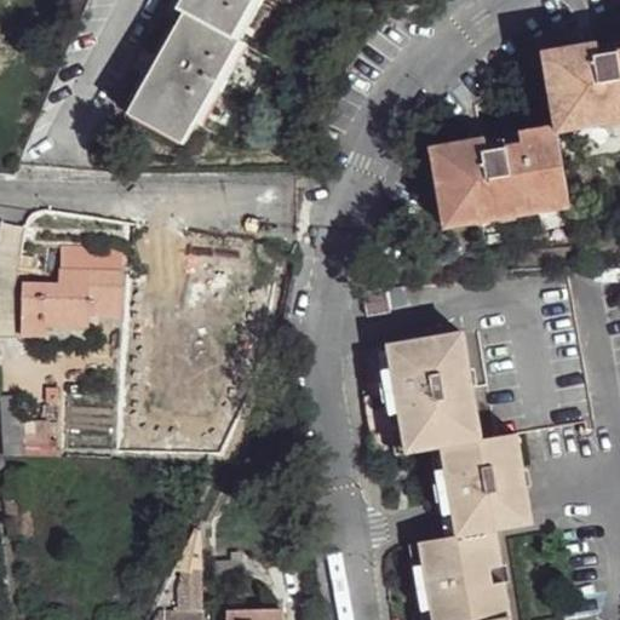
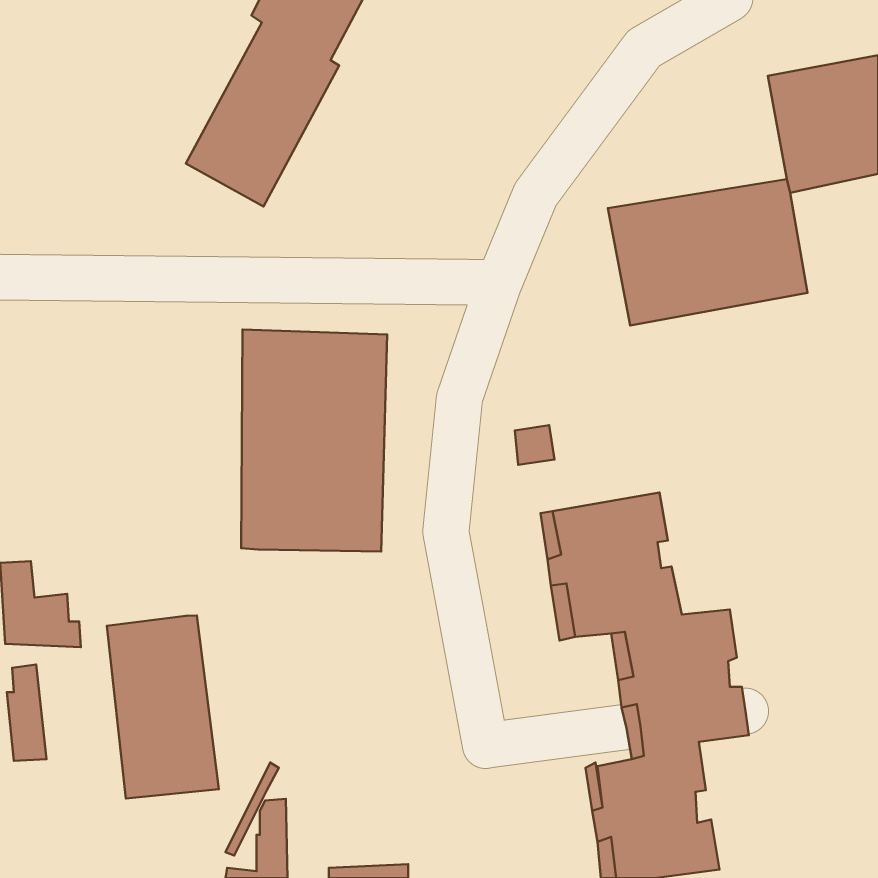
building: none -> [241,330,387,552]
building: [23,246,120,340] -> none
building: none -> [107,616,219,799]

